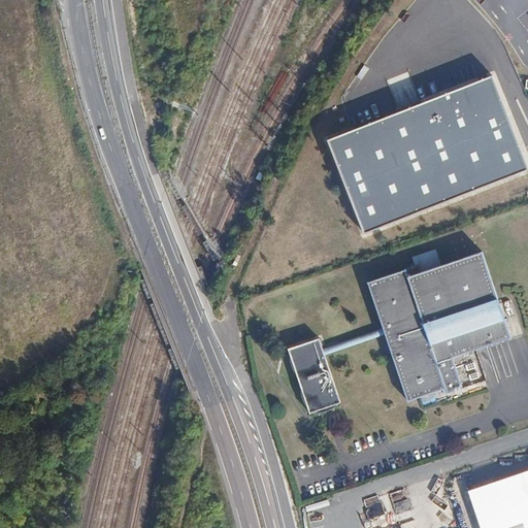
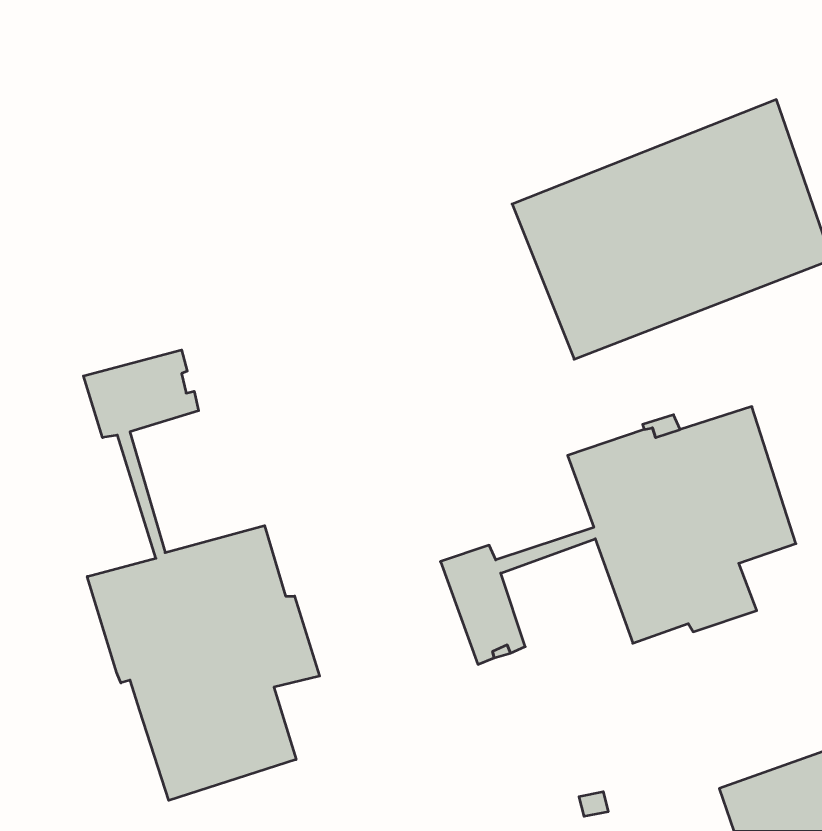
building: none -> [83,350,320,800]

